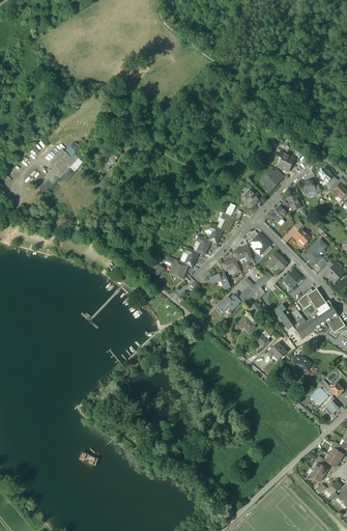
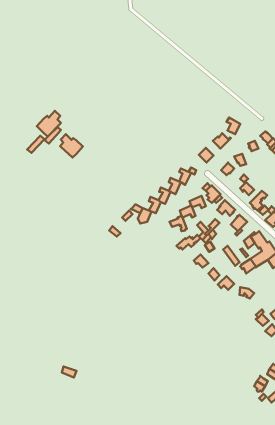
building: none -> [60,134,83,158]

